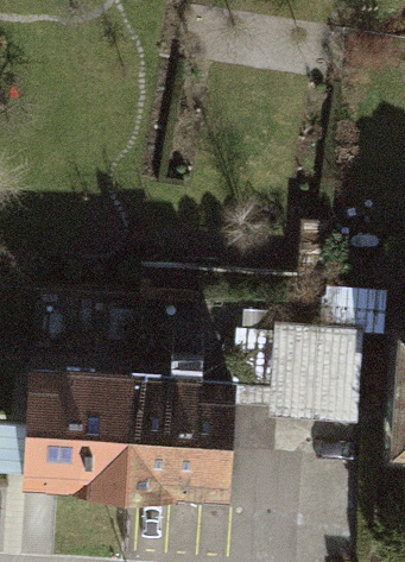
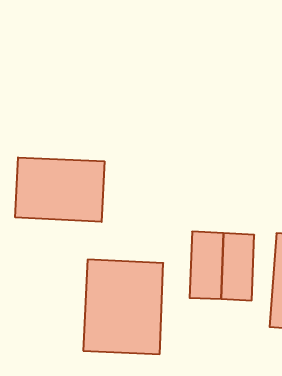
building: none -> [15,157,104,222]
building: [20,366,132,498] -> none

